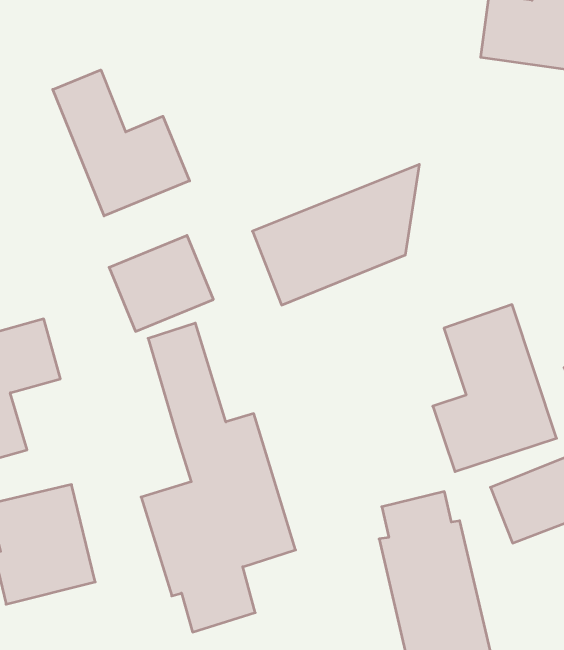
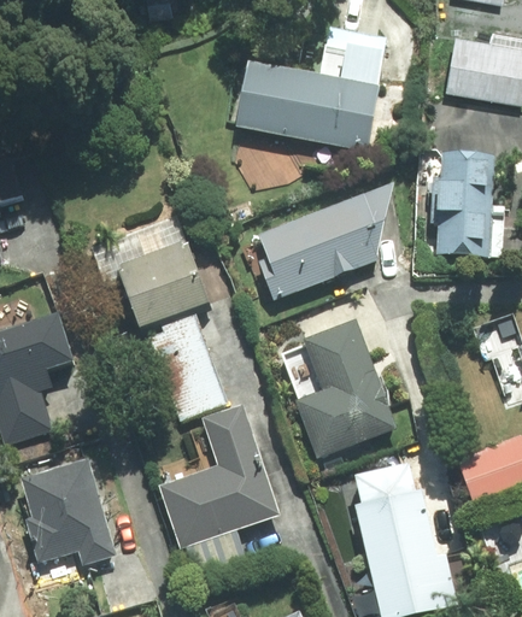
building: none -> [236,46,388,152]
building: [53,70,190,216] -> none
building: none -> [435,153,503,259]
building: [433,305,557,472] -> [289,313,397,458]

